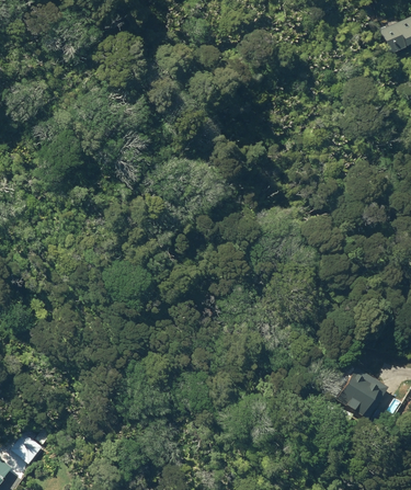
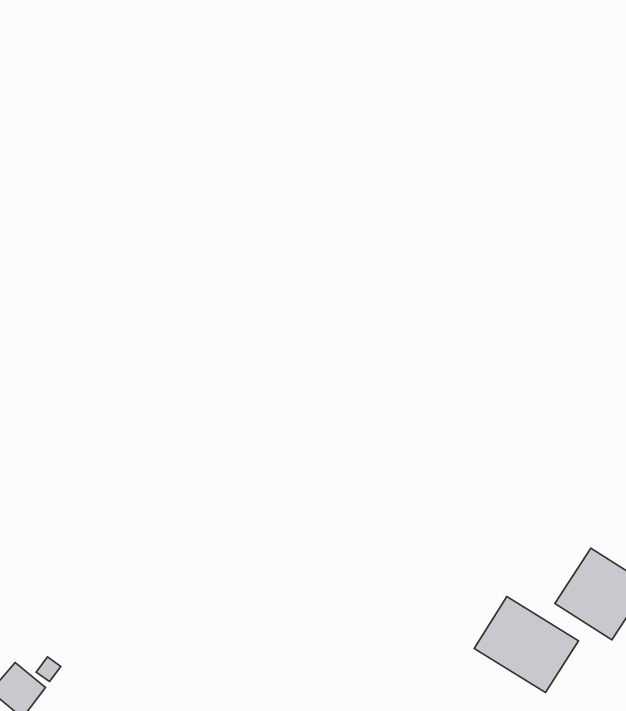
building: none -> [474,597,578,693]

